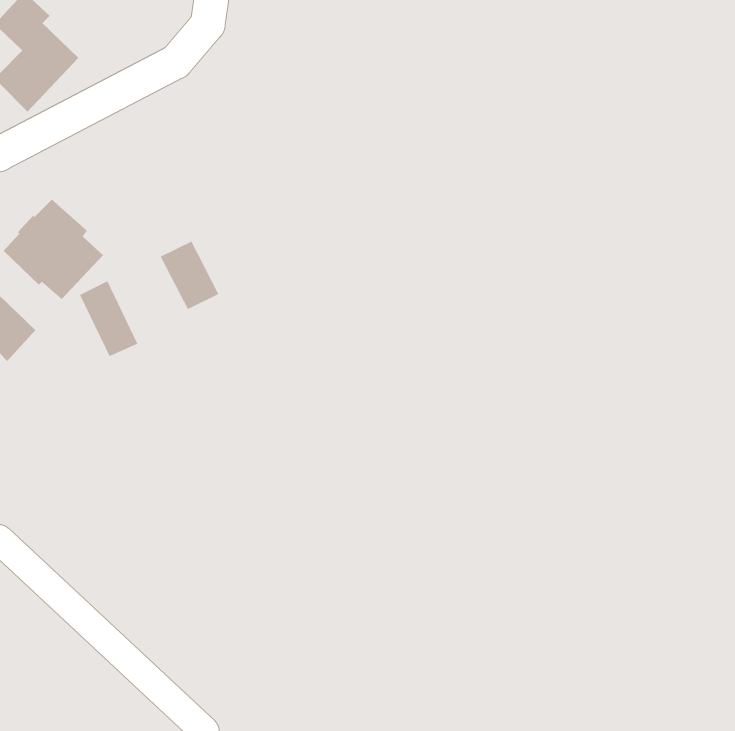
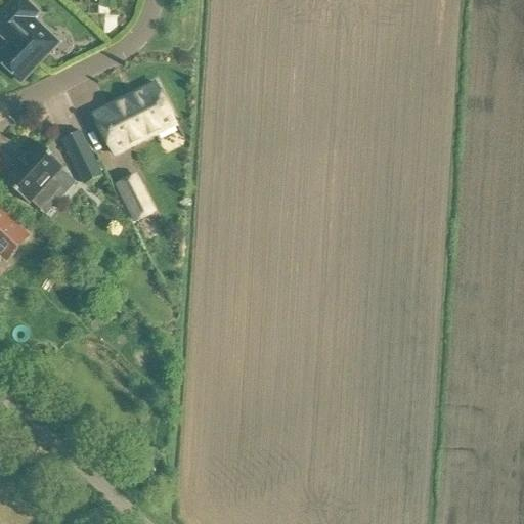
building: none -> [93,82,174,152]
building: [79,280,138,357] -> [60,128,102,182]

